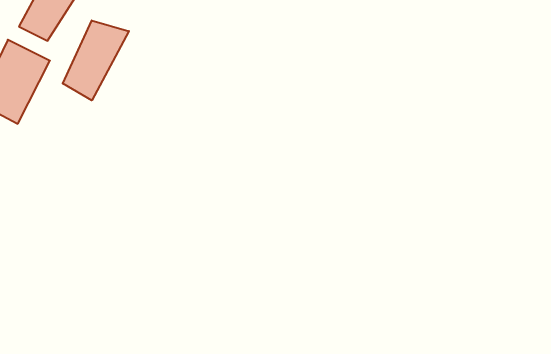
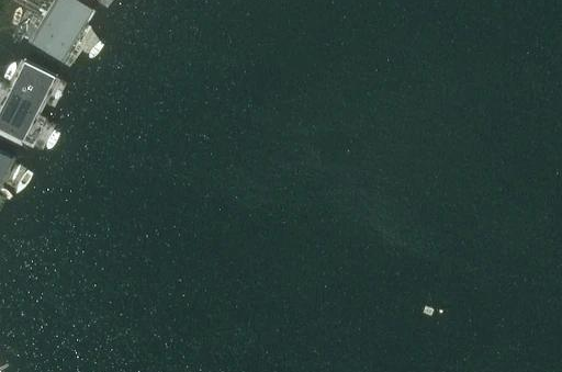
building: [63,20,129,100] -> none

